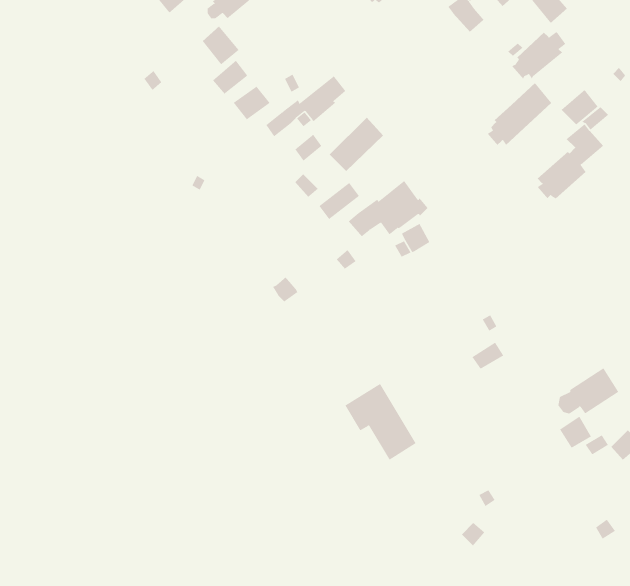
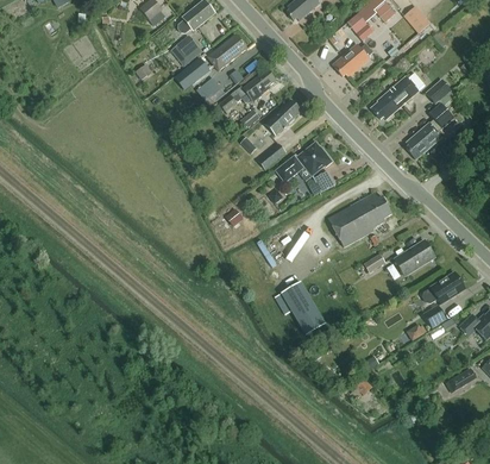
building: none -> [208,35,246,70]
building: [511,32,566,80] -> [334,44,372,77]
building: none -> [327,192,391,246]
building: none -> [394,240,434,275]

